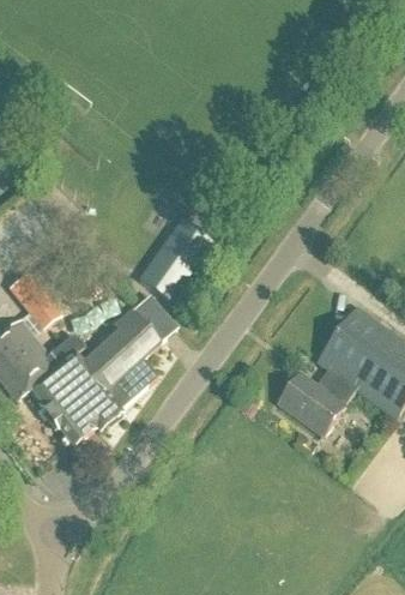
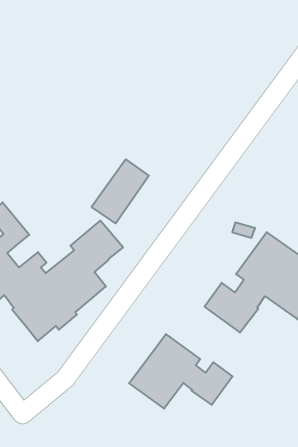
building: none -> [129,334,233,409]

